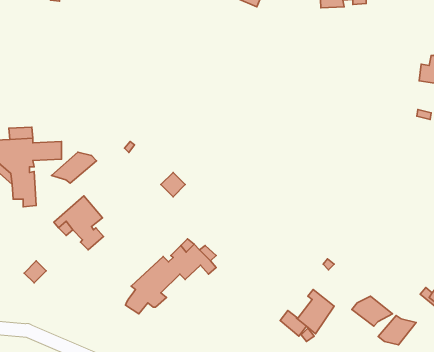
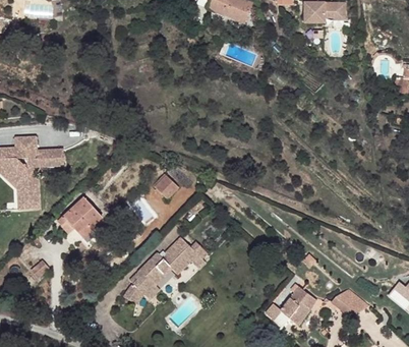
building: [52,152,96,183] -> none
building: [378,316,416,345] -> none

